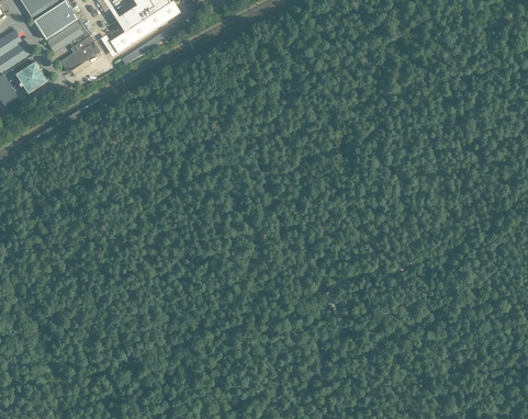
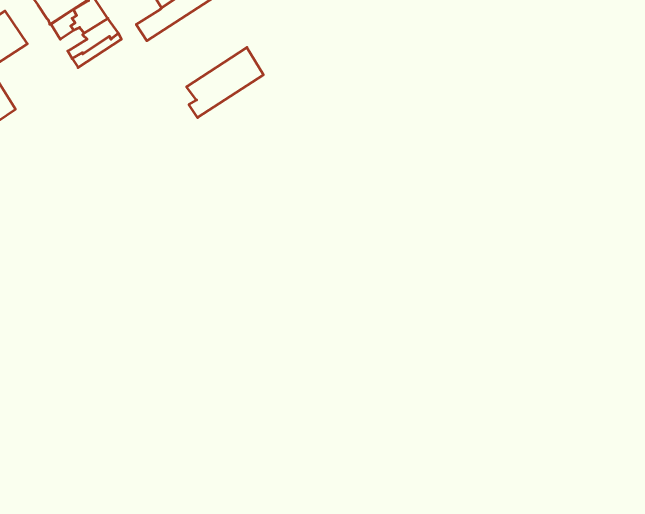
building: none -> [187,47,263,118]
building: [14,60,46,91] -> none

